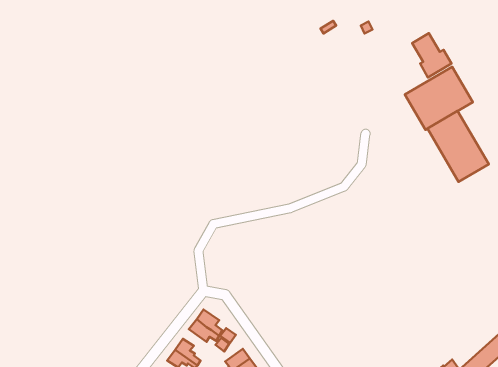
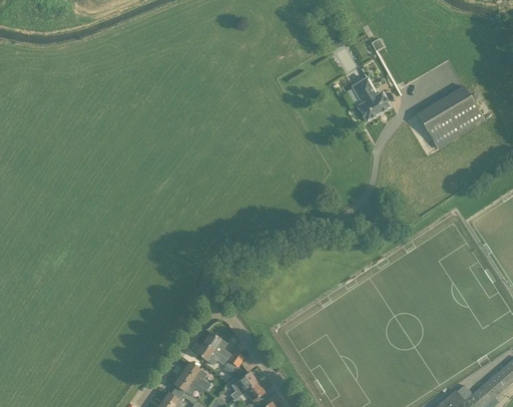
building: [412,33,452,77] -> [351,76,391,121]
building: [427,111,489,182] -> none

